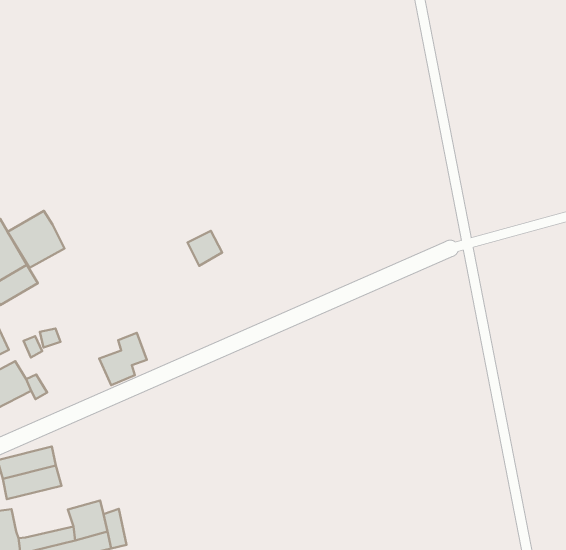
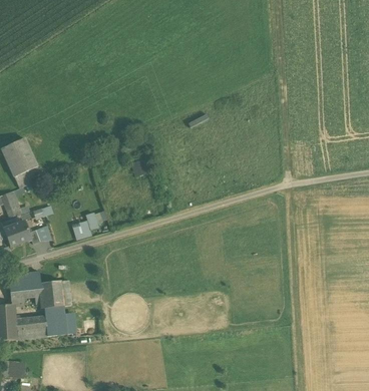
building: [8,211,65,268] -> none
building: none -> [40,281,63,309]

